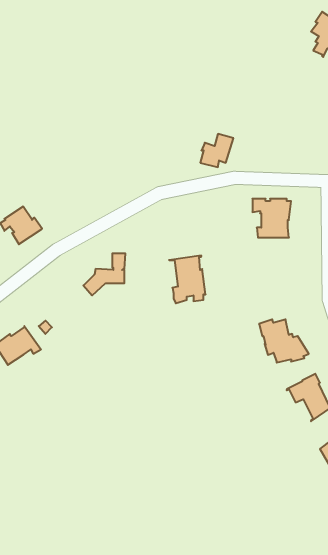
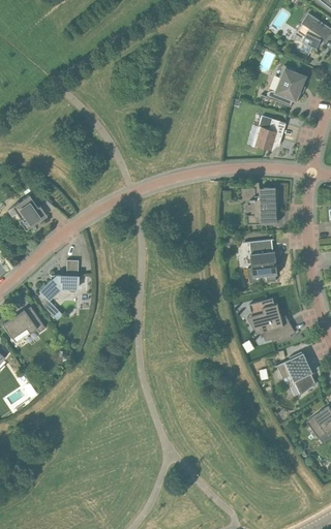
building: none -> [261,64,305,106]
building: [200,134,233,167] -> [255,118,287,149]
building: [83,253,125,295] -> [39,259,79,299]
building: [169,256,206,303] -> [244,238,278,282]

